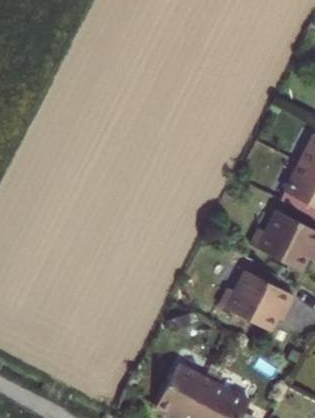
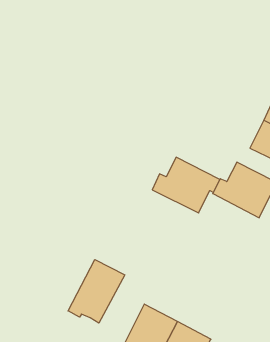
building: [220,270,293,330] -> [152,157,220,213]
building: none -> [68,260,125,323]

